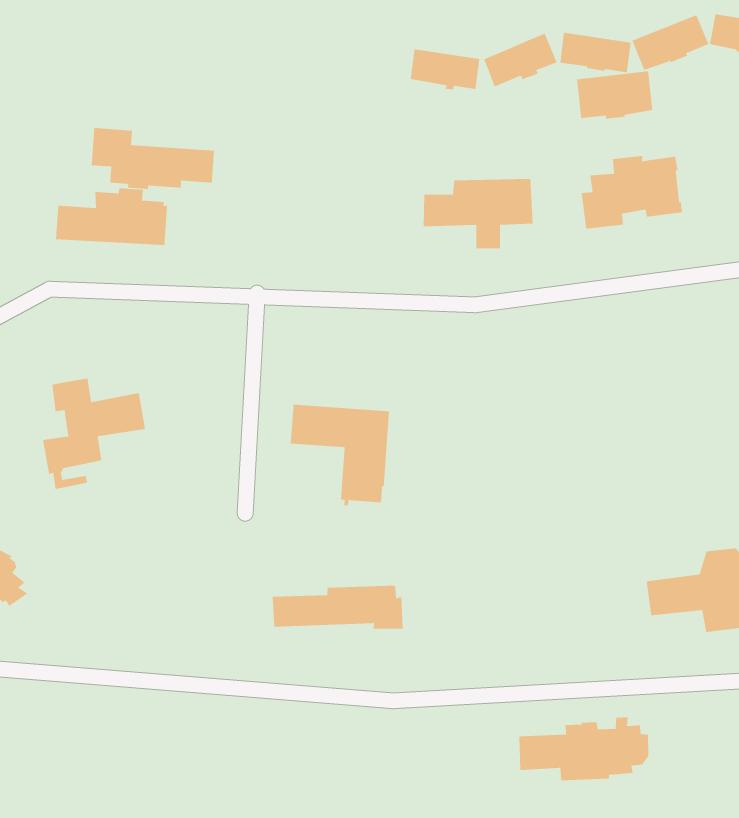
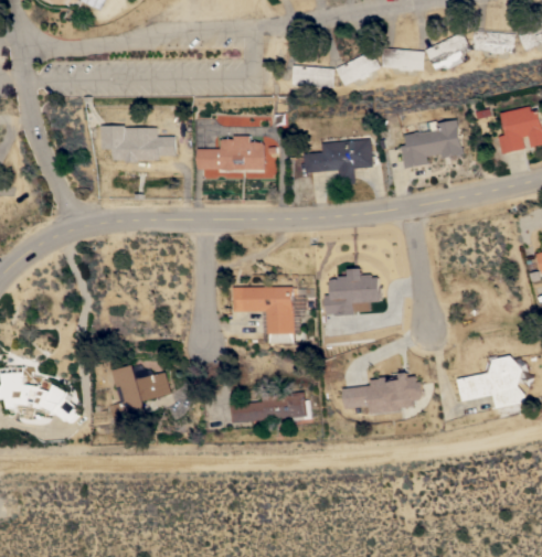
building: [577,70,653,119] -> none
building: [55,188,168,245] -> [198,136,265,170]
building: [42,378,146,490] -> [108,365,171,435]
building: none -> [326,269,382,315]
building: [518,717,649,781] -> [342,372,423,414]

